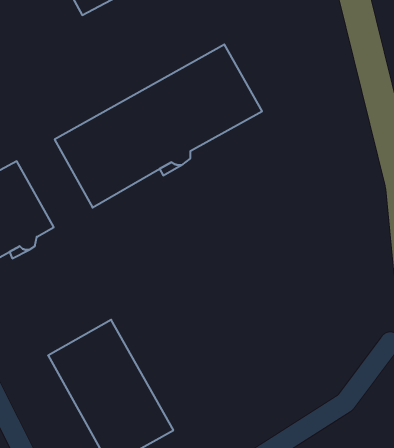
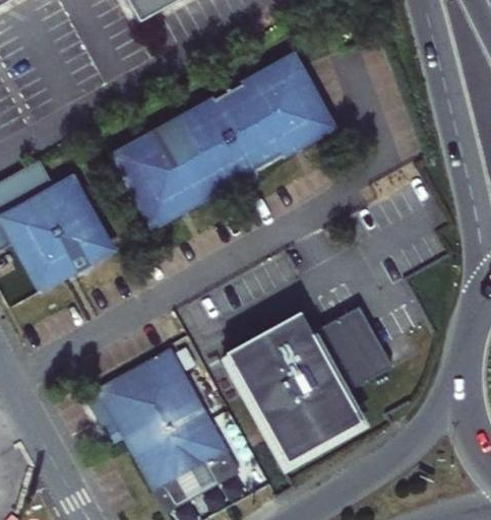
building: none -> [231,302,398,462]

